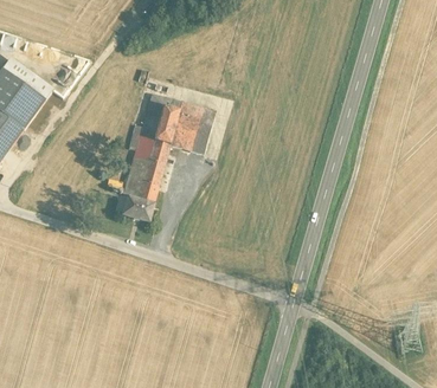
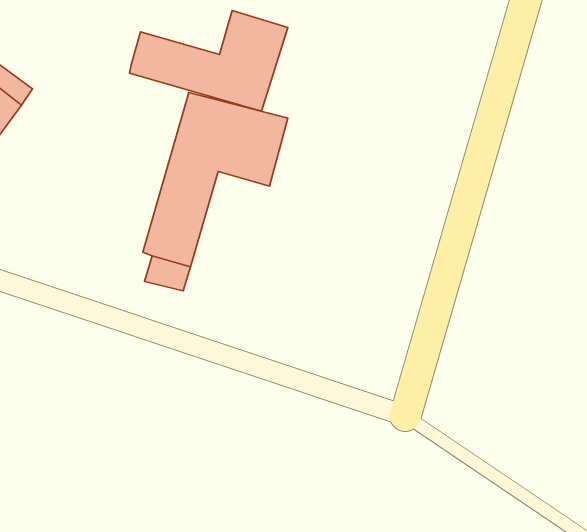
building: none -> [130,11,288,111]

